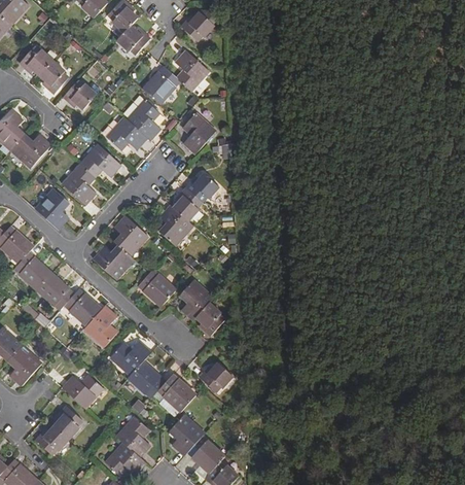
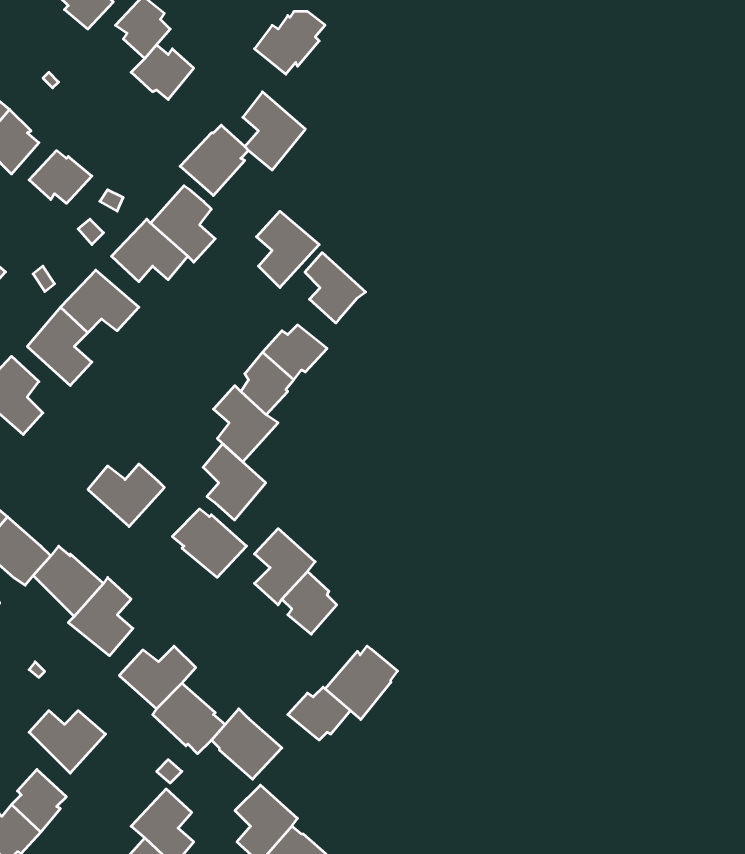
building: none -> [305,253,366,323]
building: [114,214,147,254] -> [203,444,266,520]
building: none -> [325,646,398,720]

